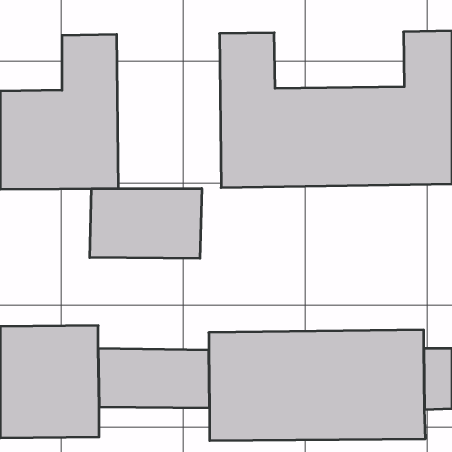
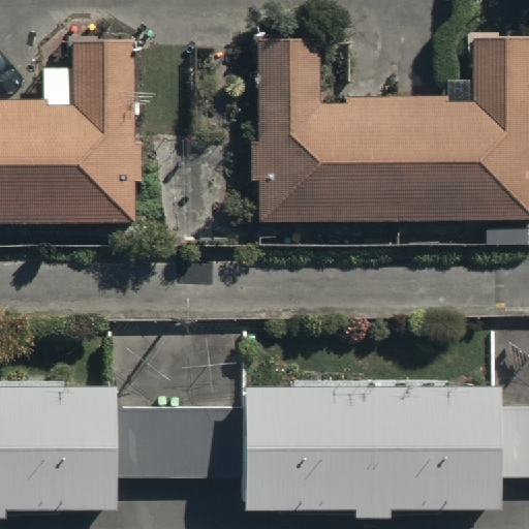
building: [90,188,202,258] -> none

